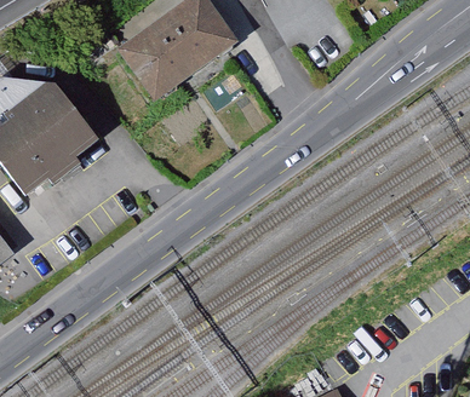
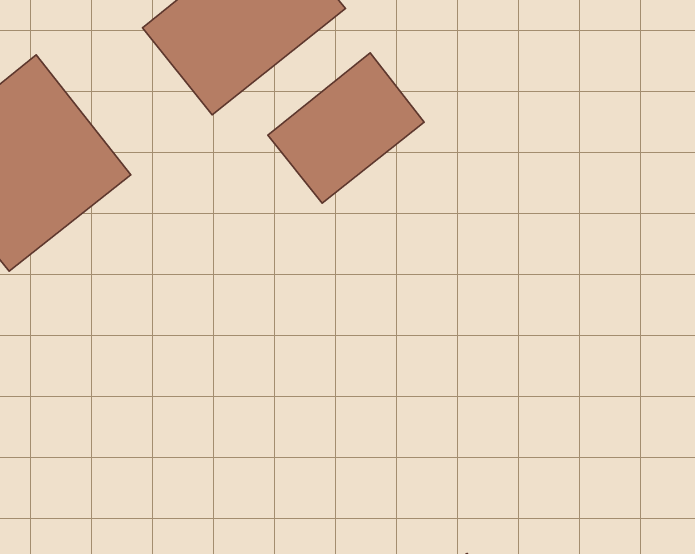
building: none -> [268,53,424,203]

